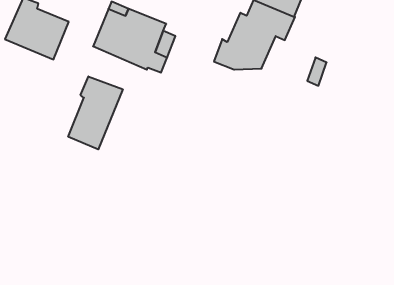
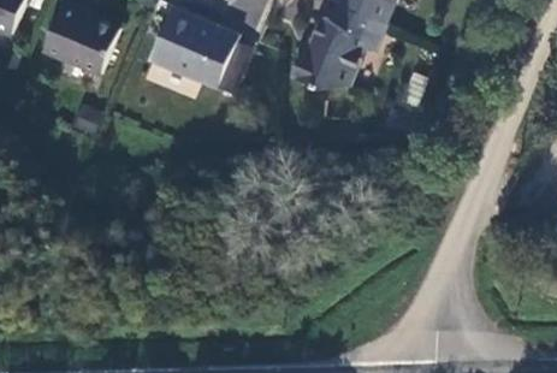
building: [68,76,123,149] -> none

